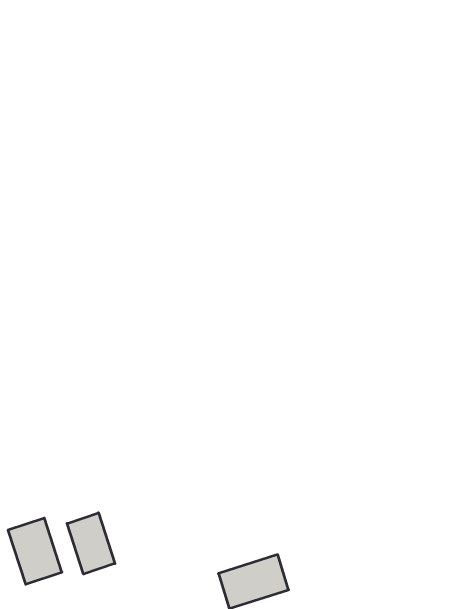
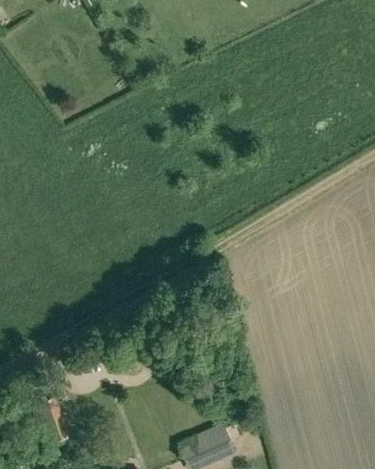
building: [67,513,115,574] -> none

